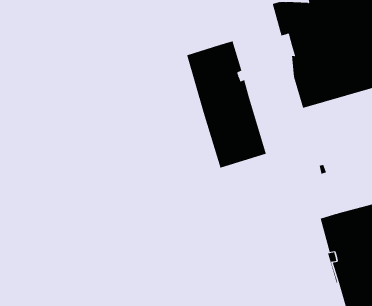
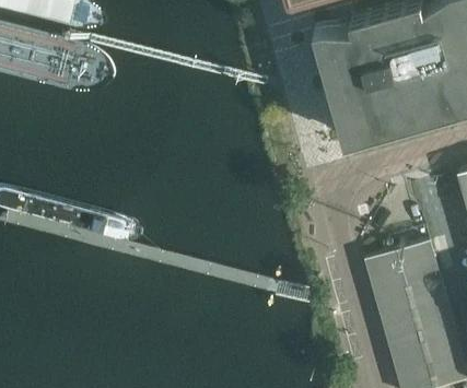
building: [187,41,266,168] -> none

